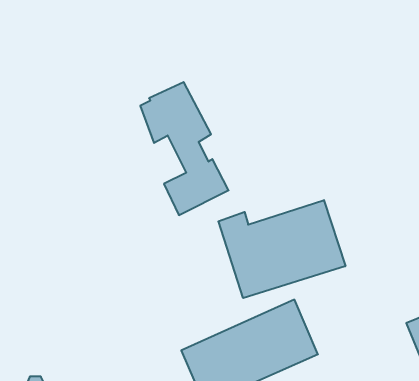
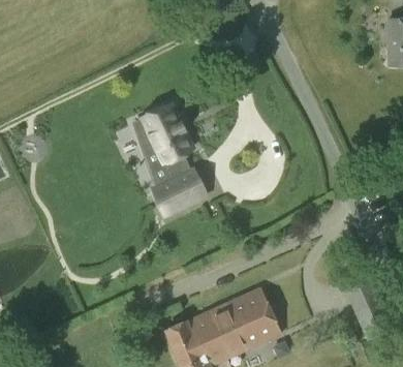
building: [218,200,345,298] -> none

